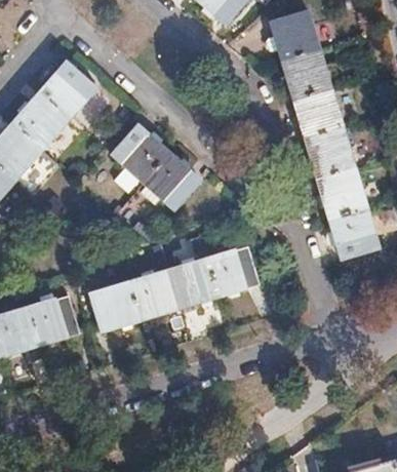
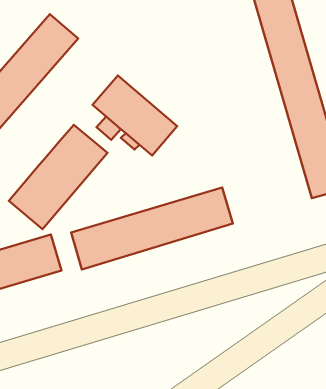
building: none -> [9,125,108,229]

